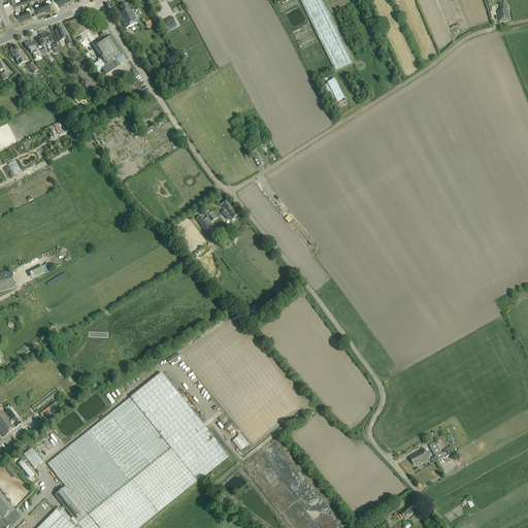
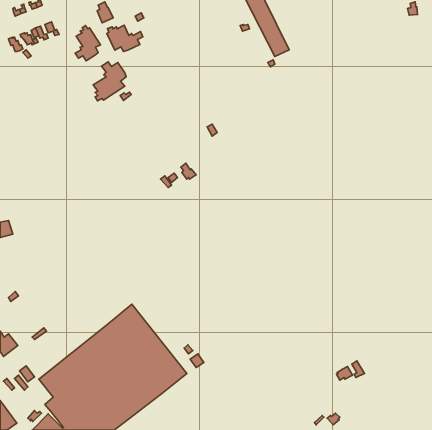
building: none -> [107,25,143,51]
building: none -> [93,62,126,101]

